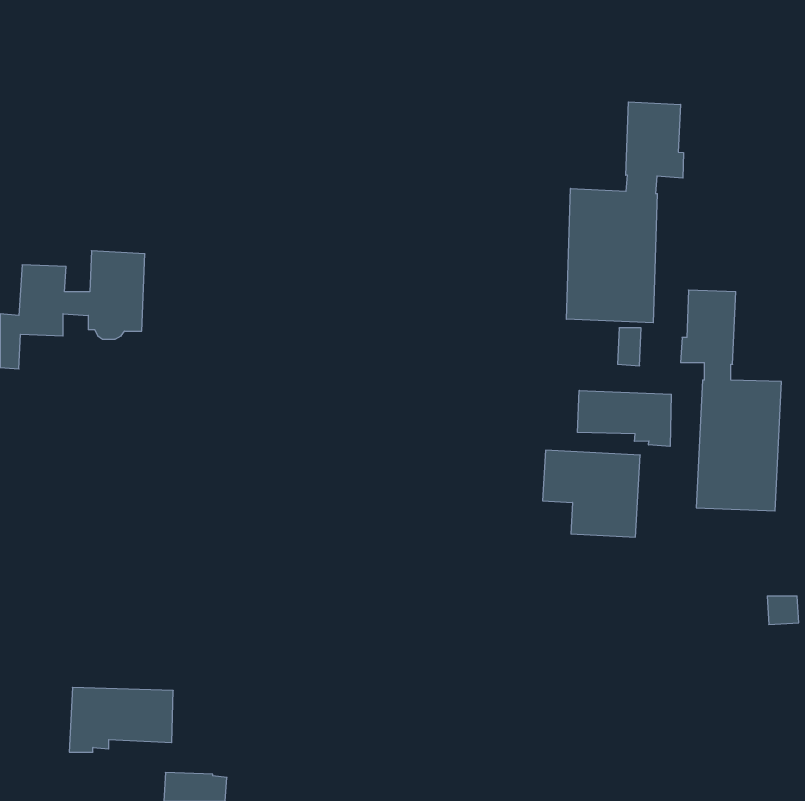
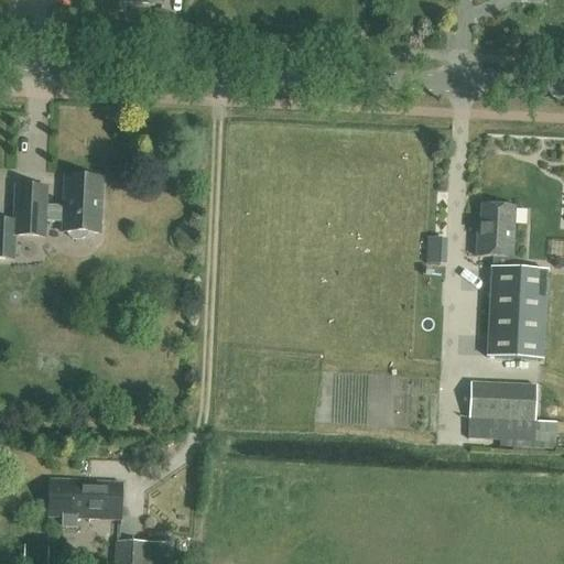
building: [566,102,683,323] -> none
building: [577,390,671,446] -> none
building: [543,450,640,537] -> [468,380,536,441]

